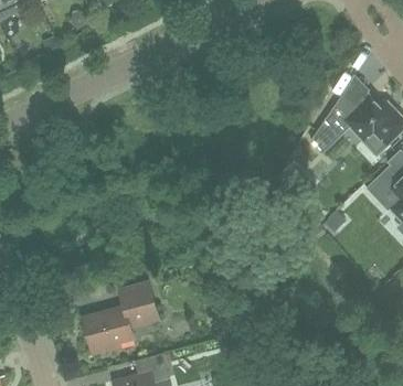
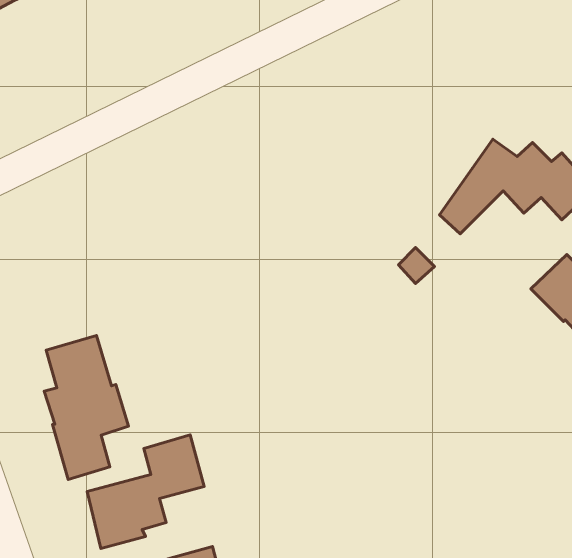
building: none -> [44,335,129,480]

